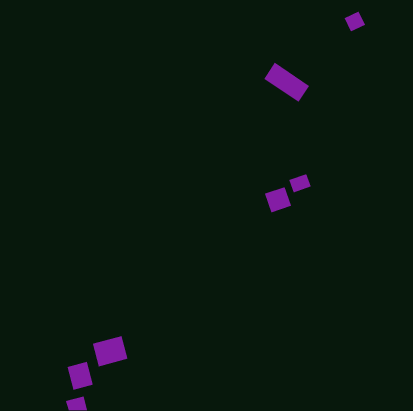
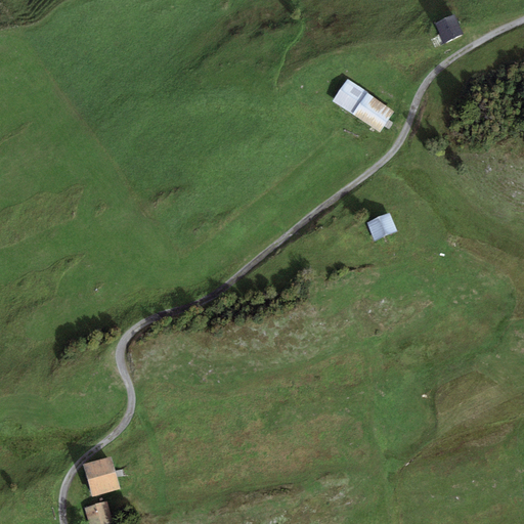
building: [264,186,292,213] -> none
building: [92,335,128,367] -> none

